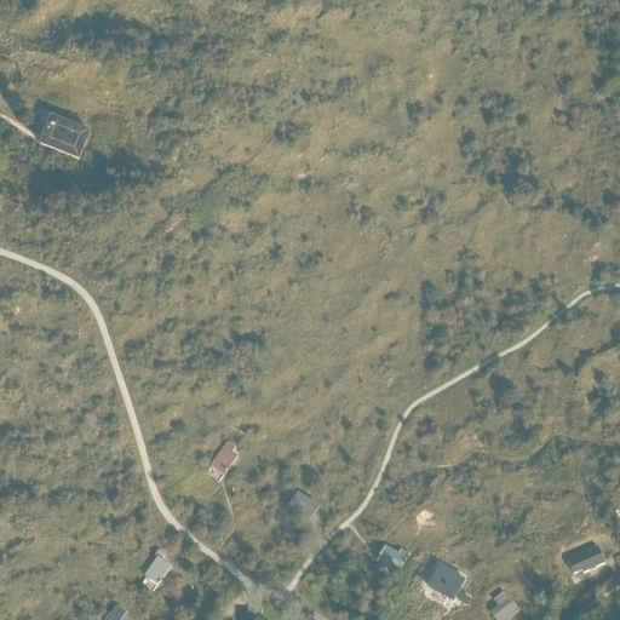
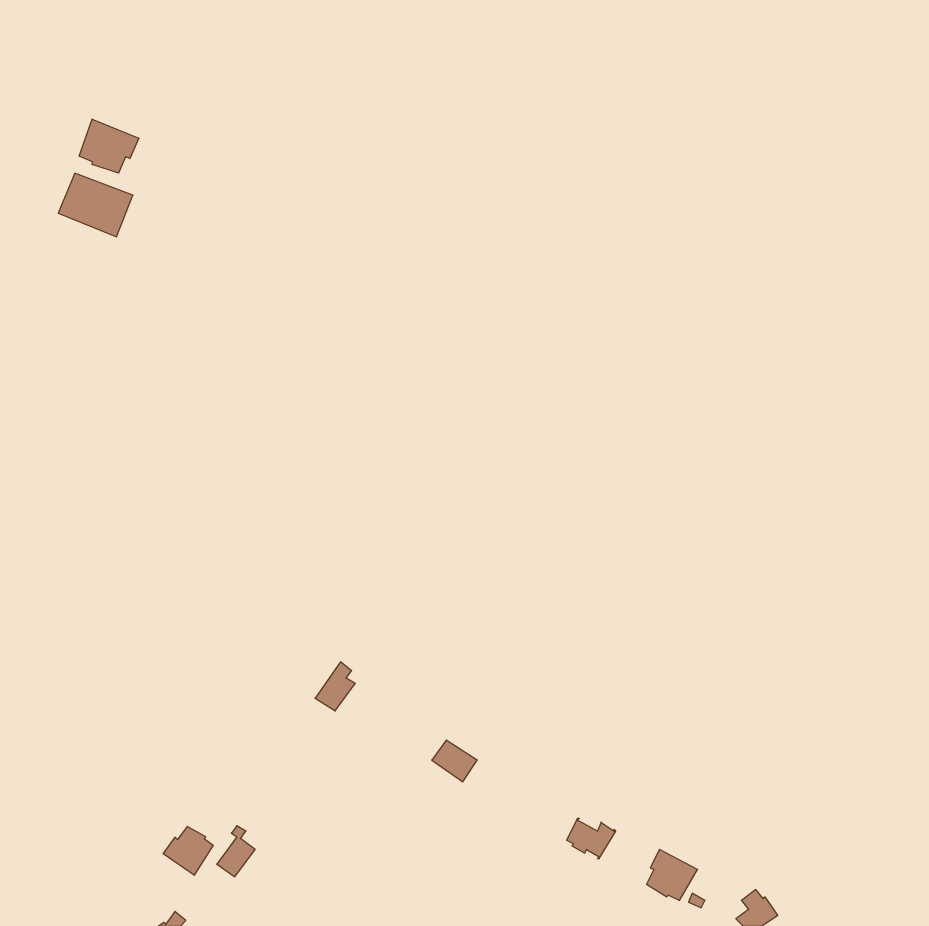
building: none -> [79,119,139,173]
building: [567,545,603,572] -> none
building: none -> [163,826,213,875]

